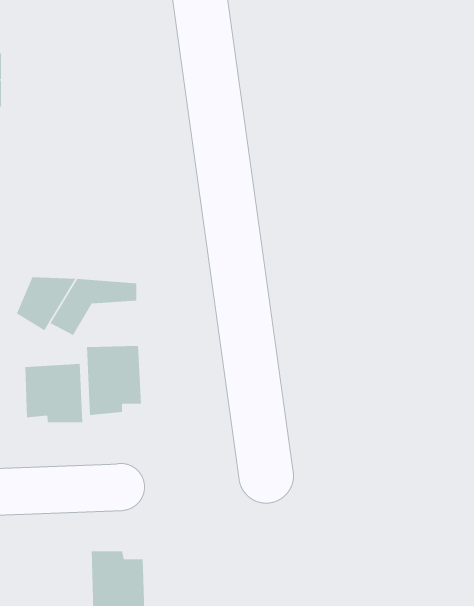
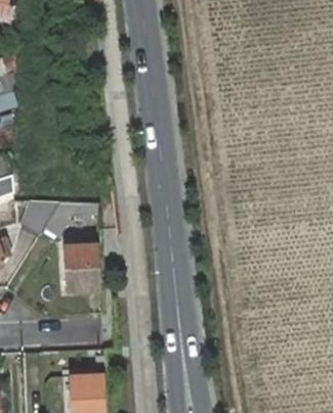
building: [25,363,83,423] -> none

